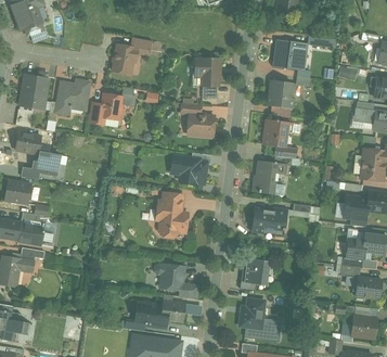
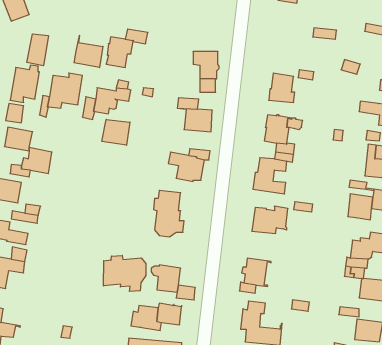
building: [273,39,307,71] -> none
building: none -> [27,34,48,66]
building: none -> [74,35,103,68]
building: none -> [102,119,130,145]
building: none -> [104,255,146,291]

